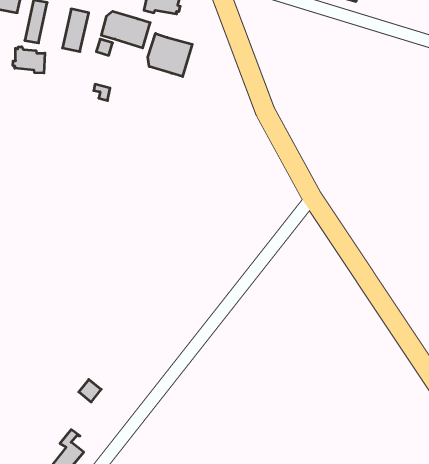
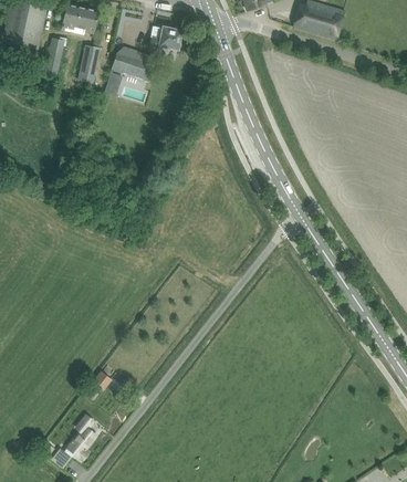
building: [148,33,192,77] -> none
building: [13,47,45,73] -> none

